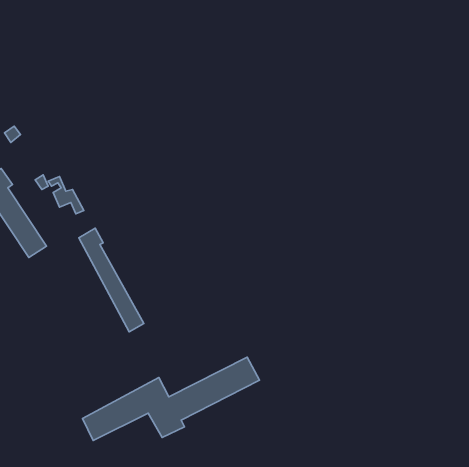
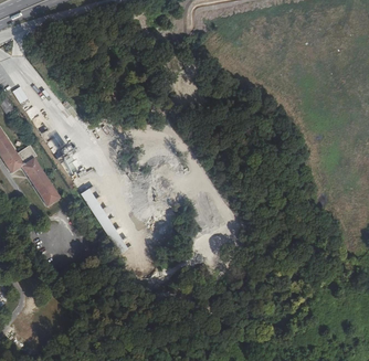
building: [82,357,260,441] -> none

